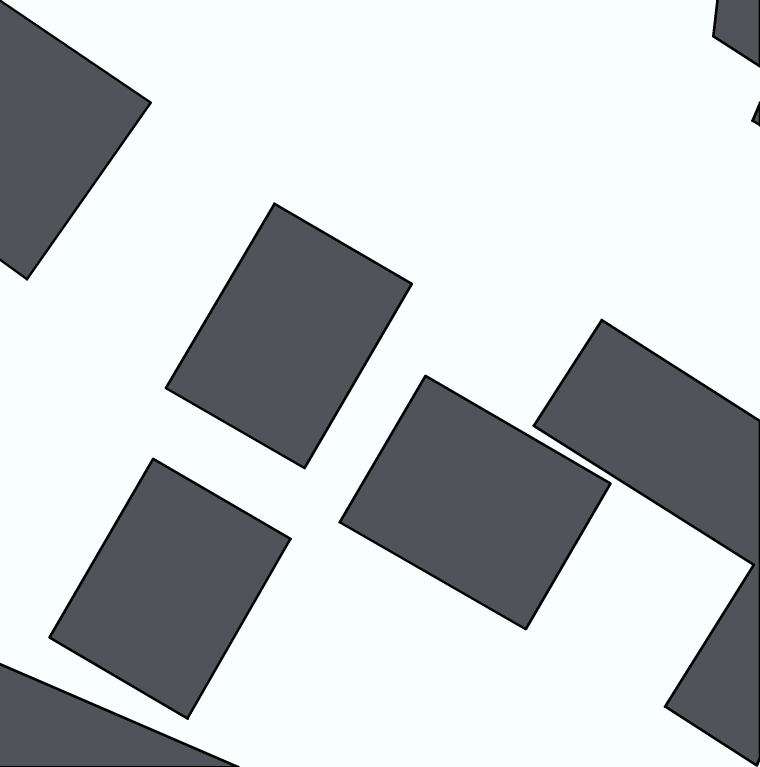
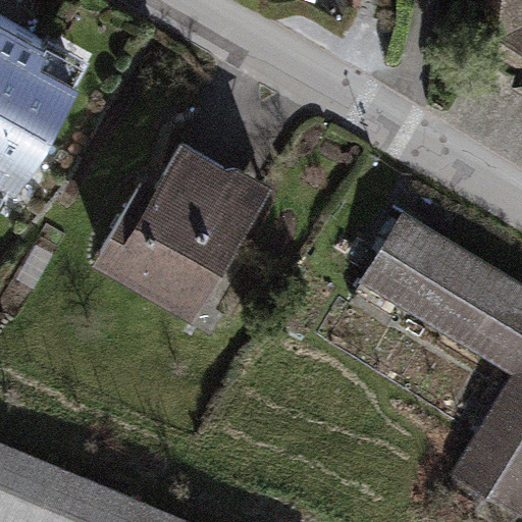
building: [340,376,610,629] -> none
building: [50,459,291,719] -> none

